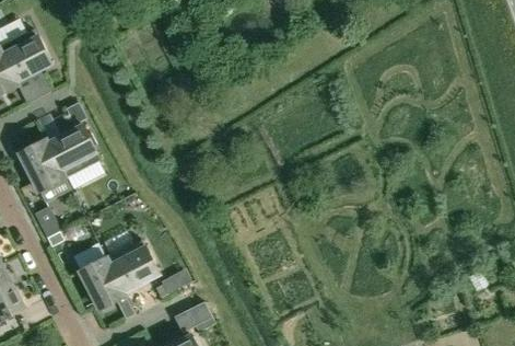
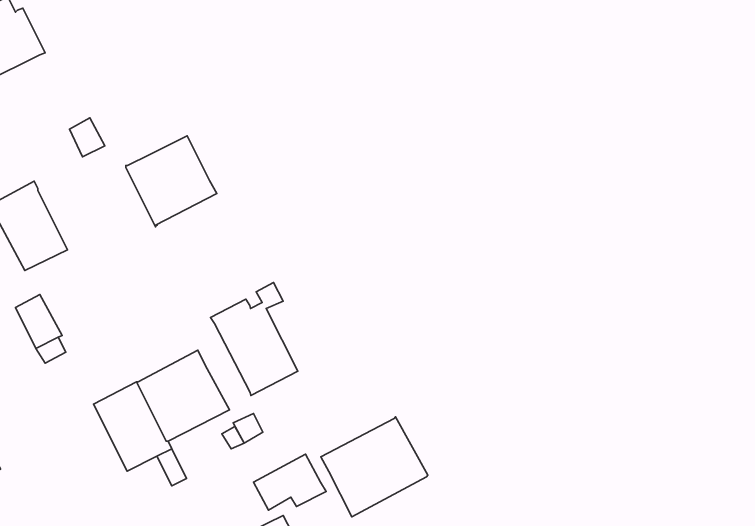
building: [46,126,100,180] -> [126,136,217,227]
building: none -> [211,283,298,395]
building: none -> [321,417,428,517]

